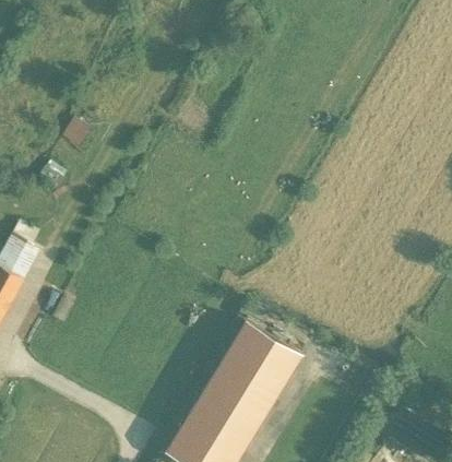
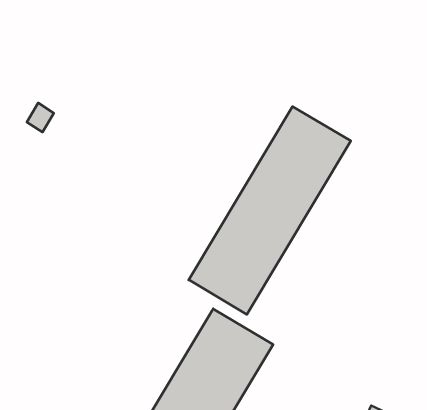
building: none -> [188,106,351,315]

